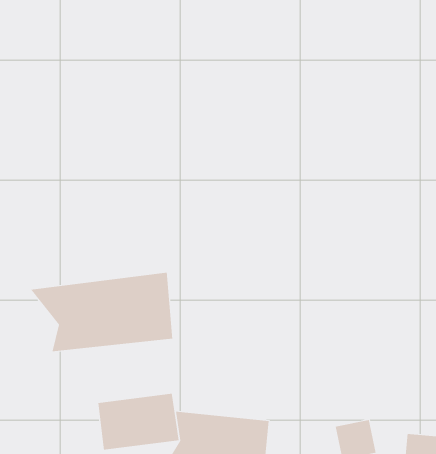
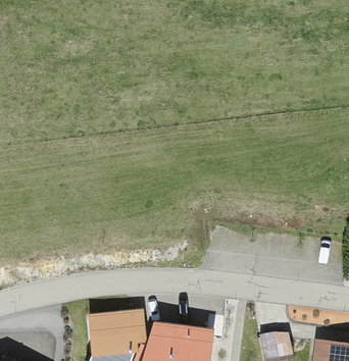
building: [30,272,173,352] -> none

